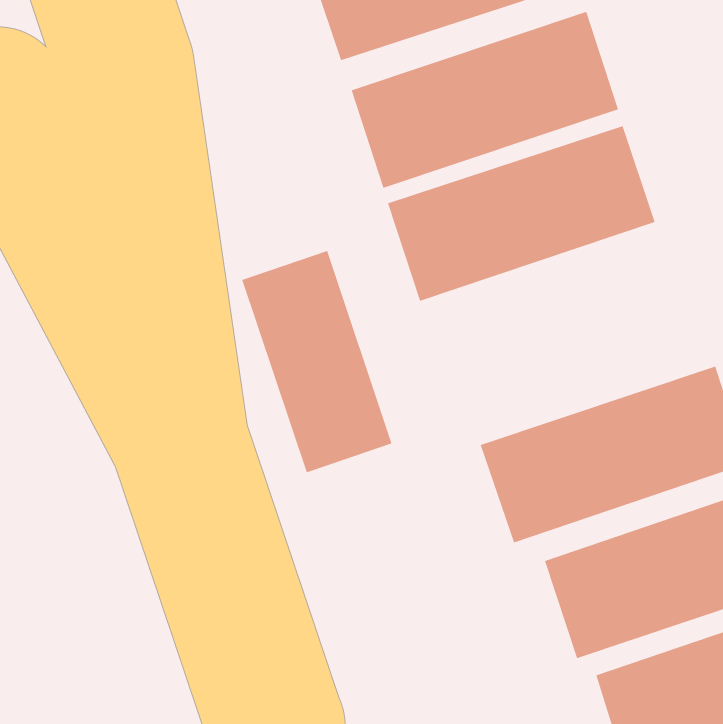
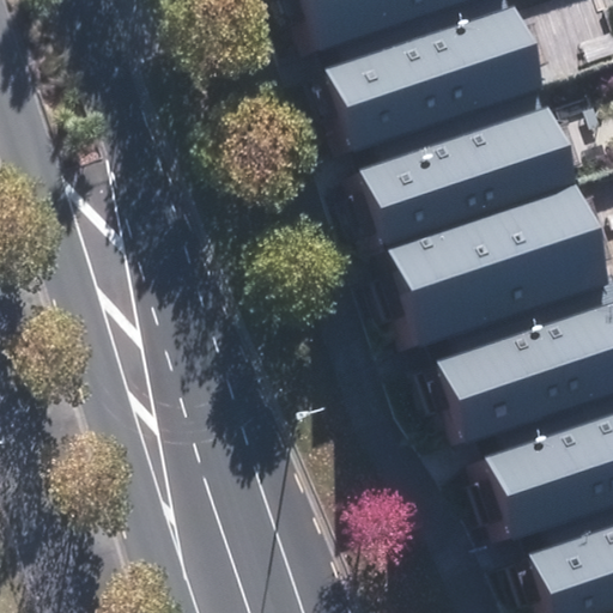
building: none -> [365,192,588,344]
building: [242,250,392,473] -> none

